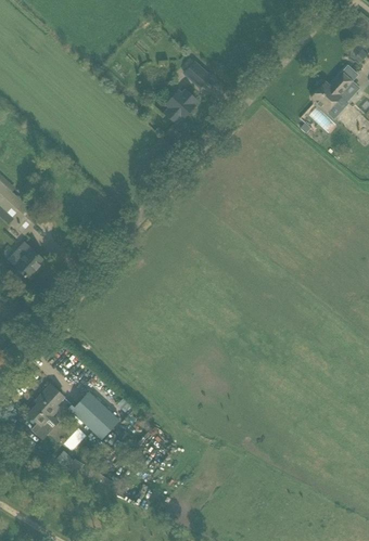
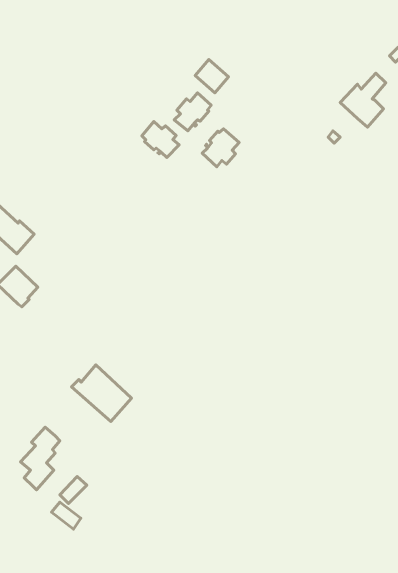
building: none -> [142,122,179,158]
building: none -> [202,129,239,167]
building: [67,390,120,440] -> [71,365,132,421]

